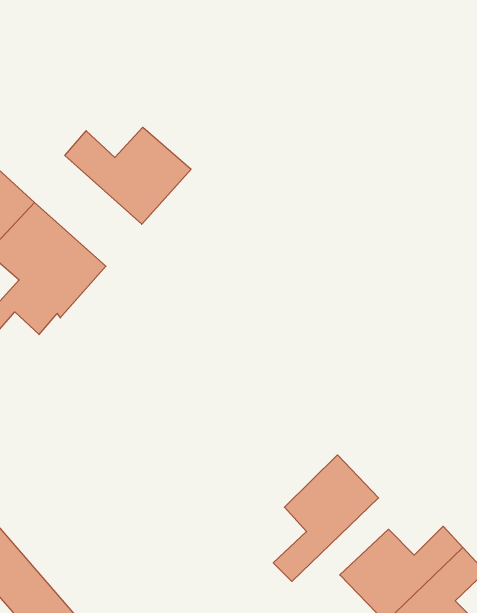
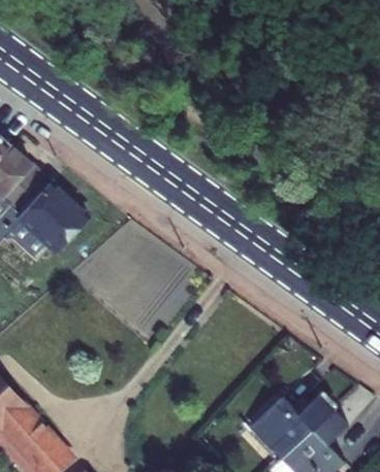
building: [65,127,191,224] -> none
building: [273,455,379,581] -> none

